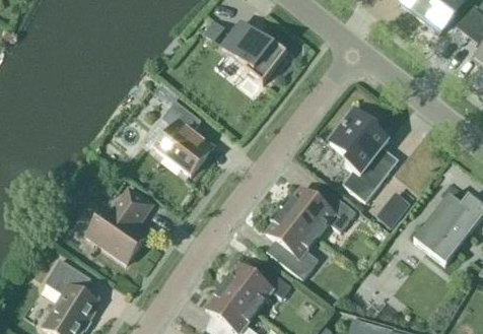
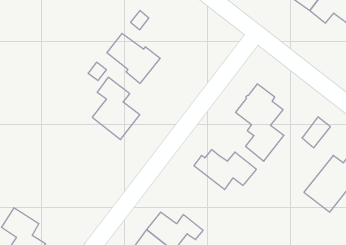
building: [221,21,286,82] -> [107,33,160,83]
building: [85,187,152,262] -> none
building: [375,190,410,227] -> [302,117,330,148]
building: [265,206,318,278] -> none

